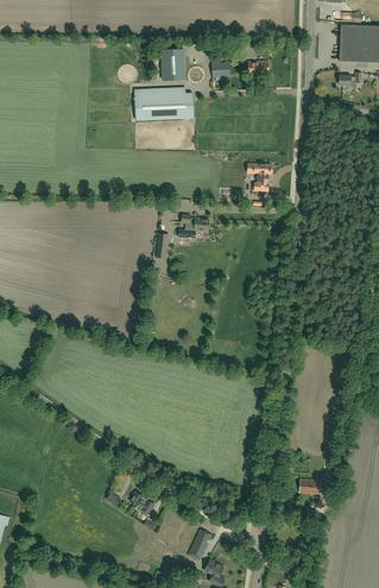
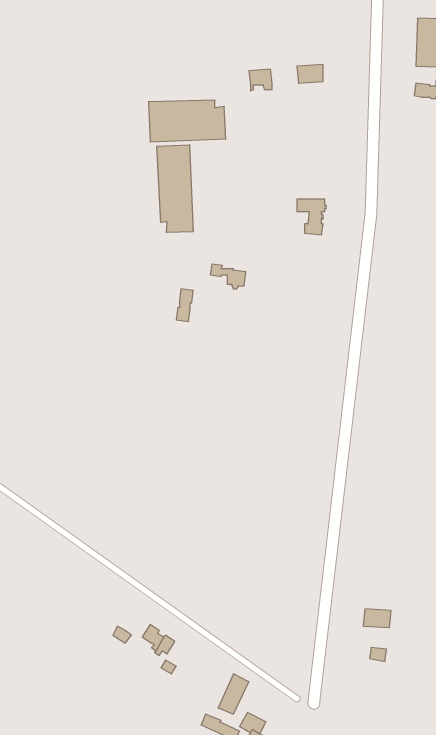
building: [162,49,184,80] -> none
building: none -> [157,145,193,233]

